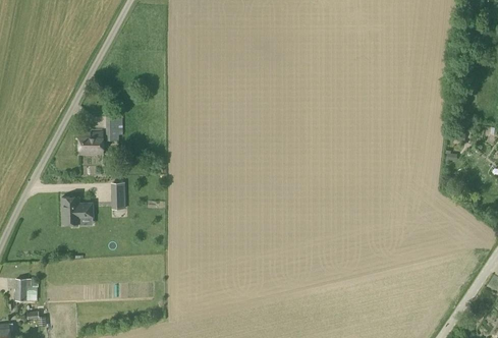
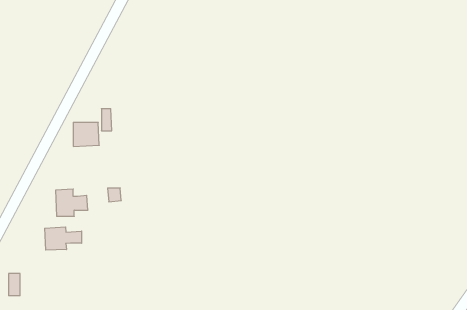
building: none -> [45,227,82,250]

